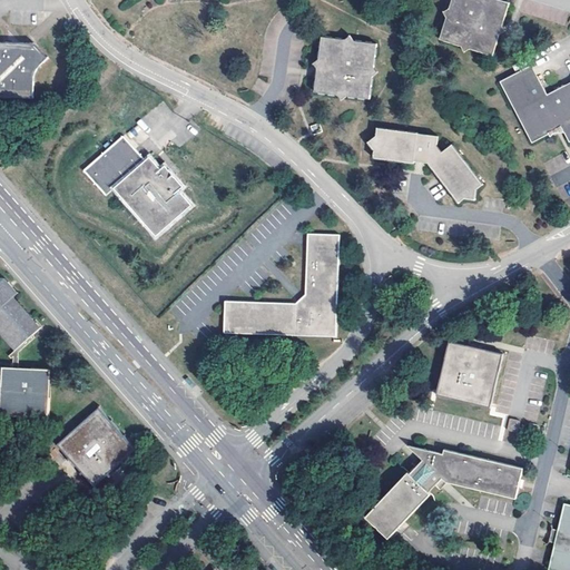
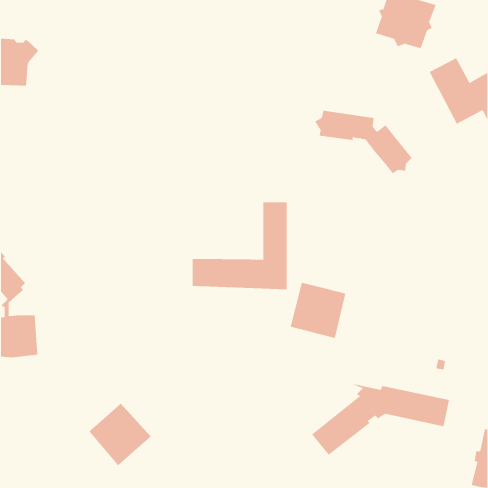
building: [311,35,376,100] -> none
building: [83,136,191,235] -> none
building: [436,340,502,405] -> [290,282,346,338]
building: [60,415,134,489] -> [88,403,151,466]

